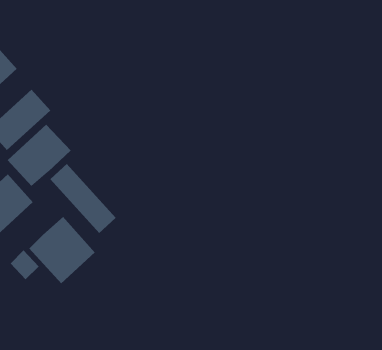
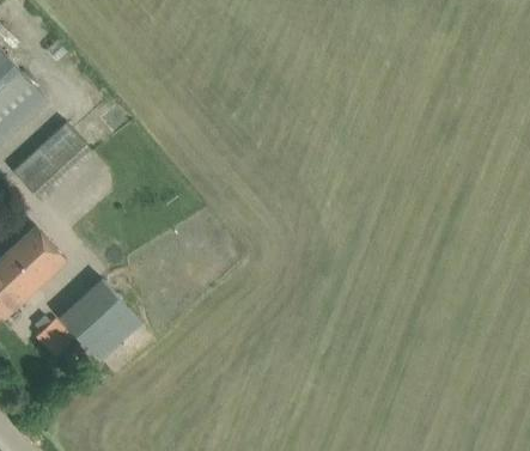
building: [7,124,72,187] -> none
building: [49,163,117,234] -> none

